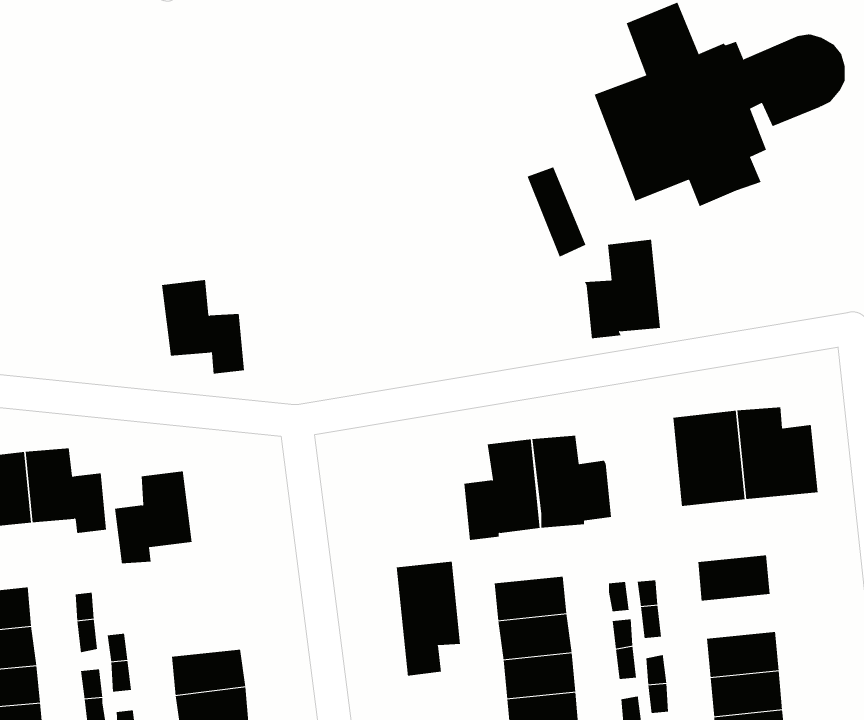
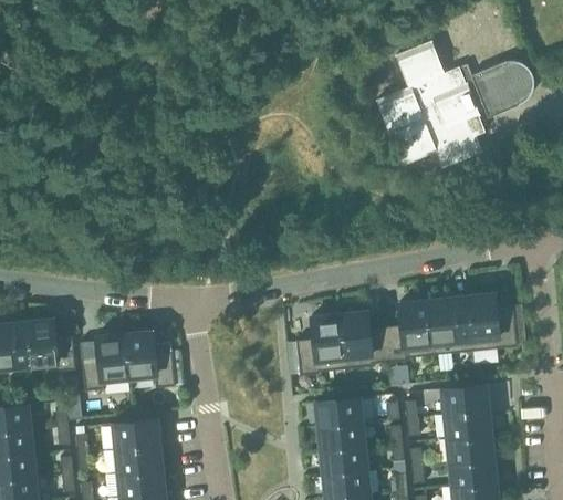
building: [527,166,586,258] -> none
building: [584,239,661,339] -> [384,300,431,362]
building: [161,280,245,374] -> [123,330,175,388]
building: [396,561,460,677] -> none
building: none -> [444,409,490,437]
building: none -> [113,419,158,448]

